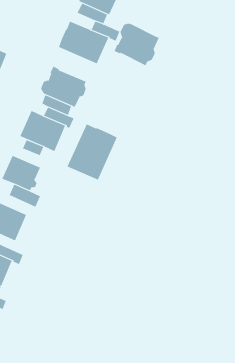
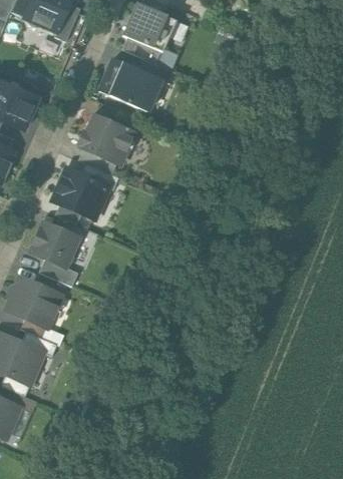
building: [114,23,160,66] -> none
building: [67,123,117,181] -> none

